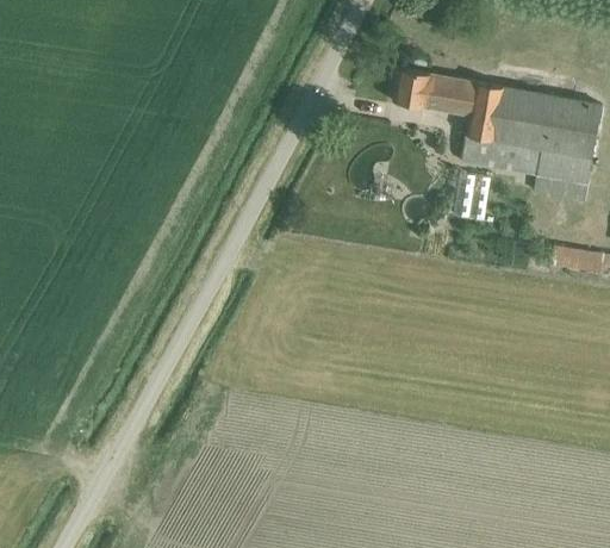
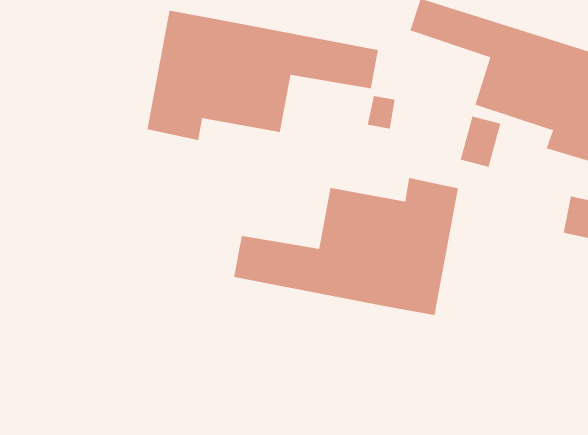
building: none -> [147,10,378,141]
building: none -> [234,177,459,316]

